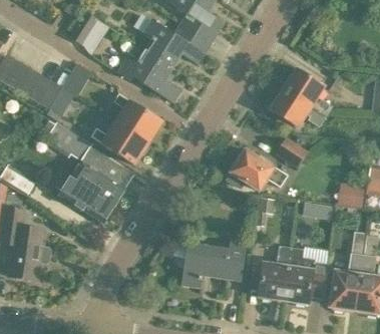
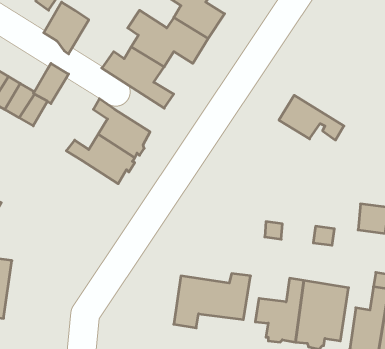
building: [283,68,332,115] -> none
building: [52,123,133,222] -> none
building: [275,136,308,168] -> none
building: [226,149,287,190] -> none

